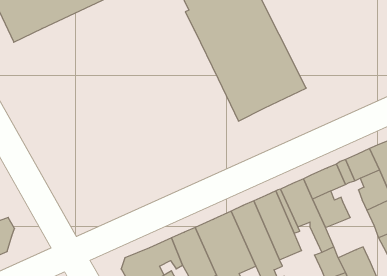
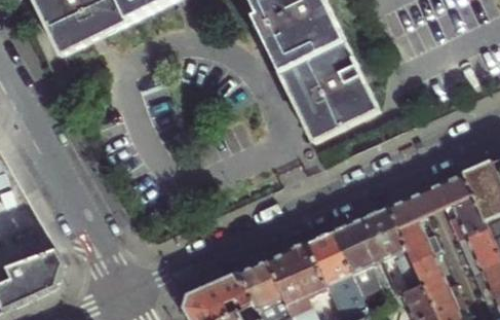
building: none -> [411,253,446,295]

